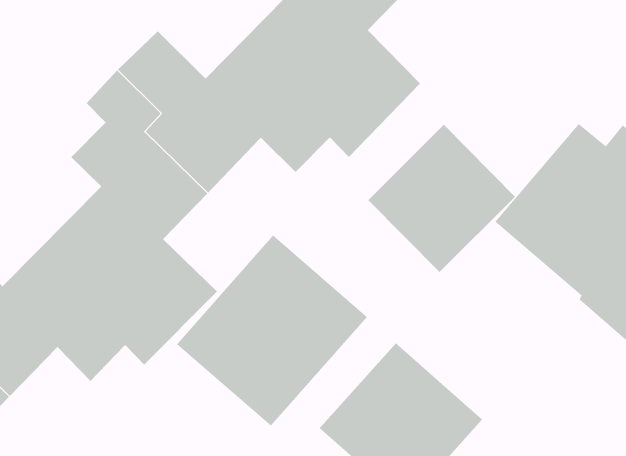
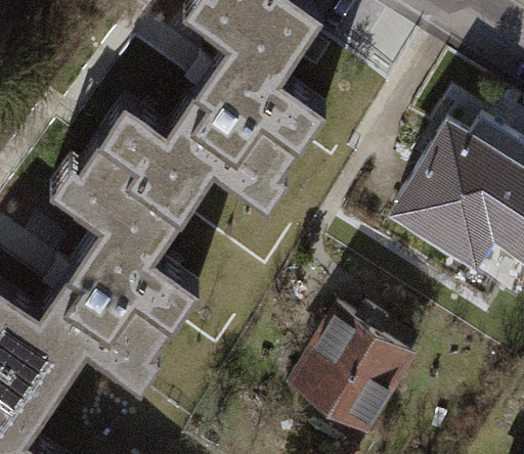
building: [367,124,516,273] -> none
building: [176,235,368,427] -> none

